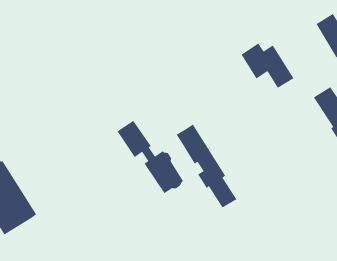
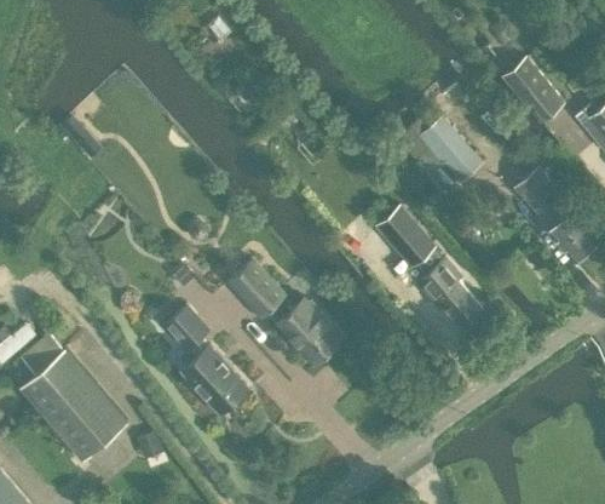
building: [175,123,237,209] -> [376,206,483,327]
building: none -> [166,305,247,412]

